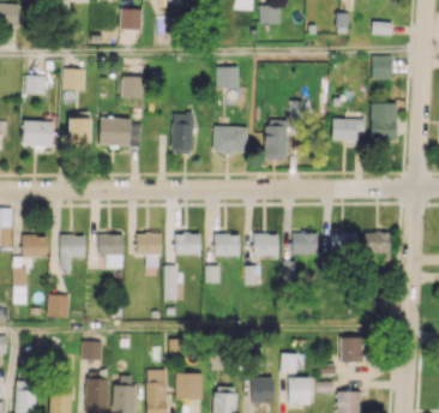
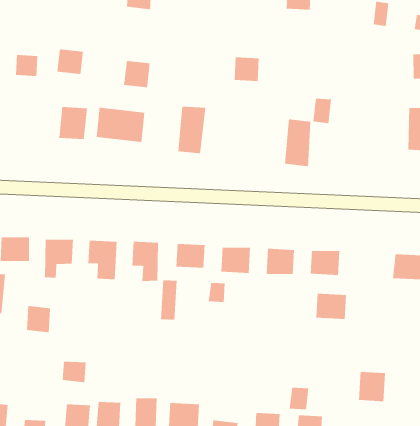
building: [332,118,363,140] -> none
building: [23,120,54,146] -> none
building: [214,126,247,152] -> none
building: [331,232,357,253] -> [315,293,347,320]

